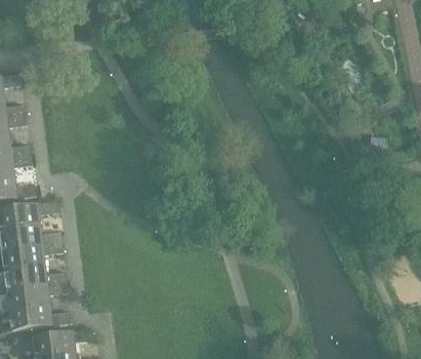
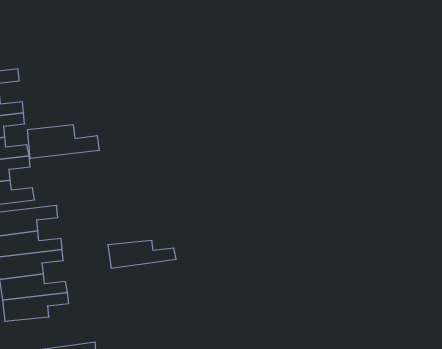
building: none -> [27,125,99,159]
building: [7,303,71,328] -> [108,240,176,268]

